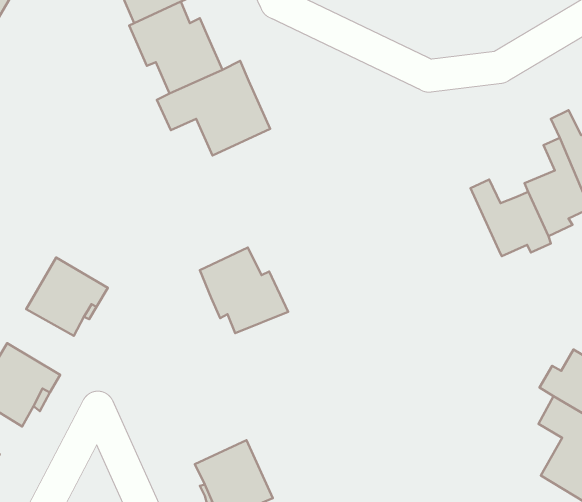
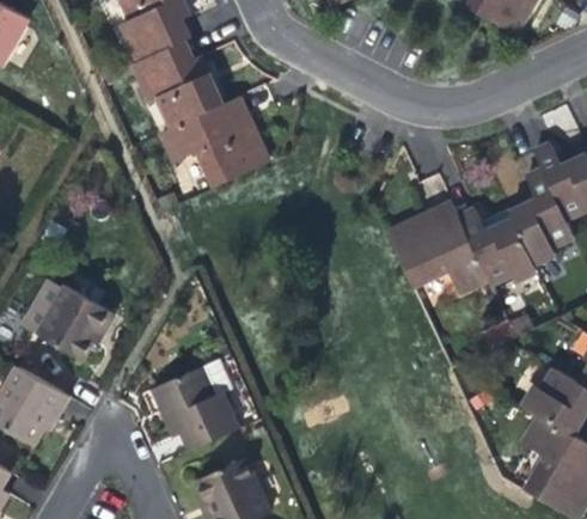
building: none -> [385,201,487,291]
building: [200,247,288,333] -> [157,367,240,448]

